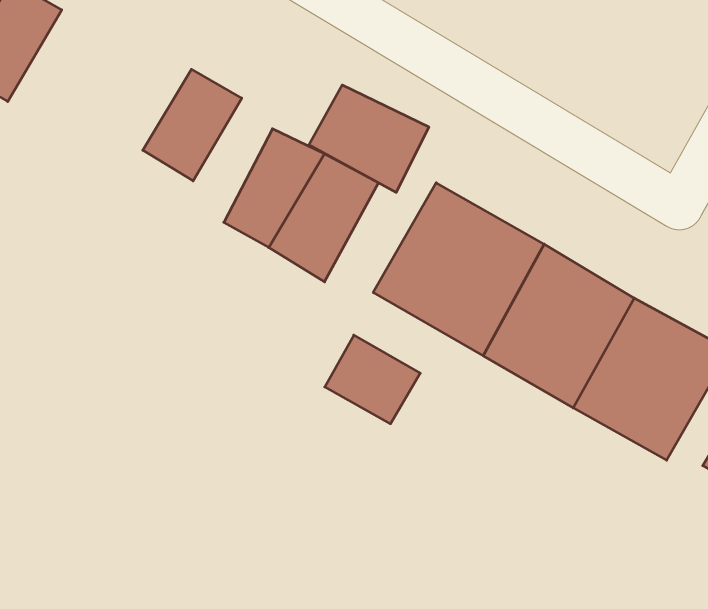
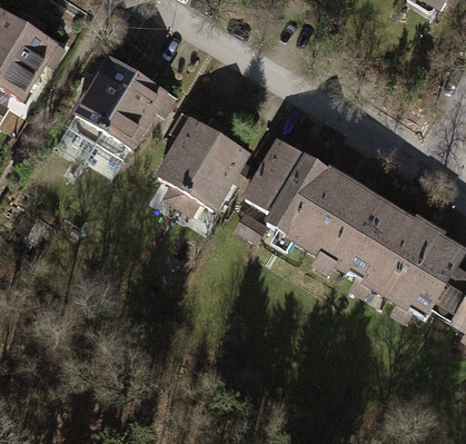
building: none -> [76,58,137,127]
building: [309,85,429,192] -> none
building: [325,335,420,424] -> none

